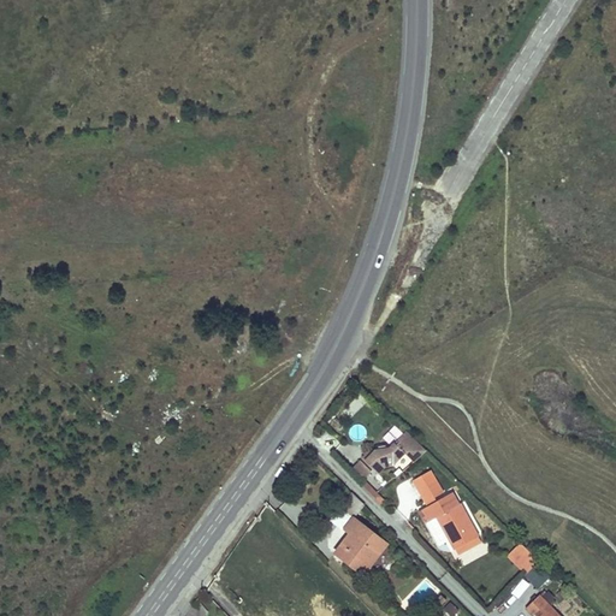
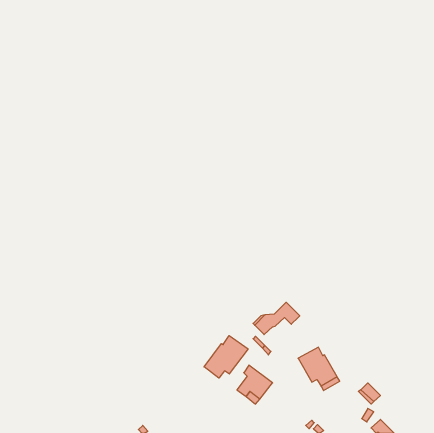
building: [413,469,443,502] -> none
building: none -> [204,336,248,378]

